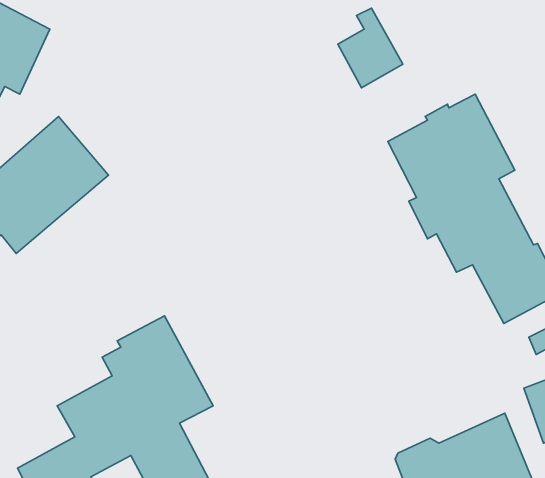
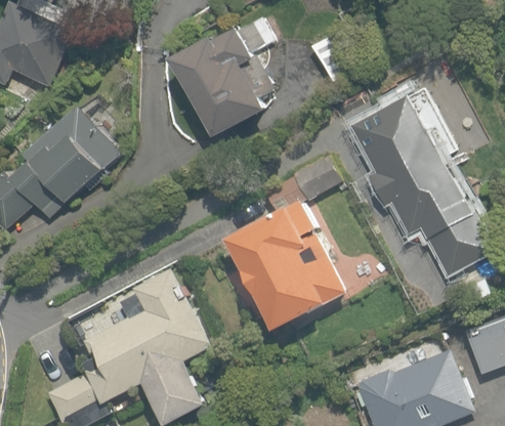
building: none -> [173,19,271,136]
building: none -> [224,158,347,332]

